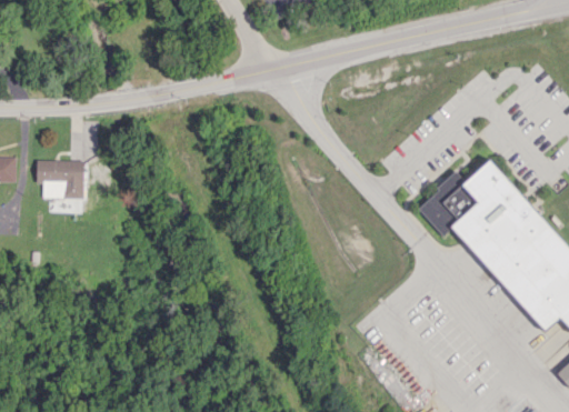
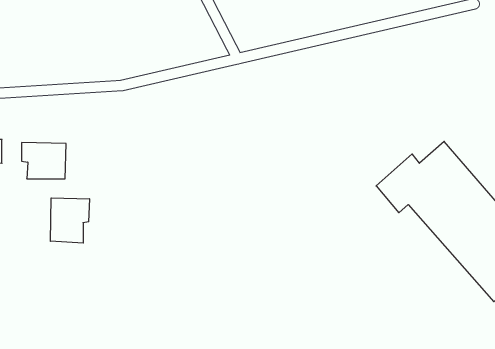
building: none -> [50,198,89,243]

